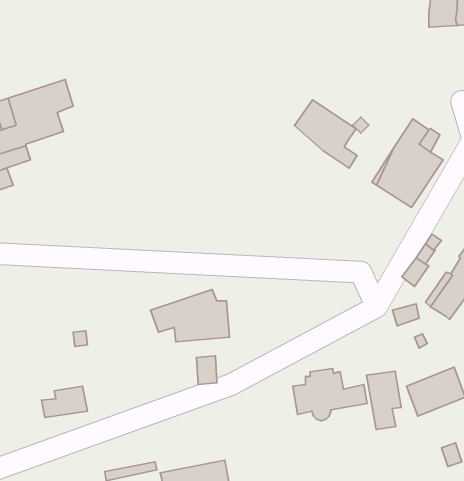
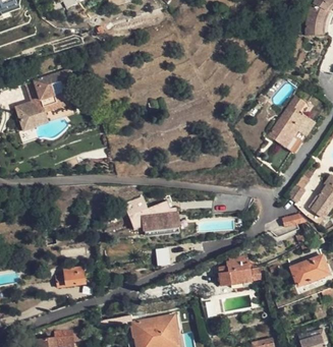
building: [294,100,357,168] -> none
building: [366,371,401,429] -> none

